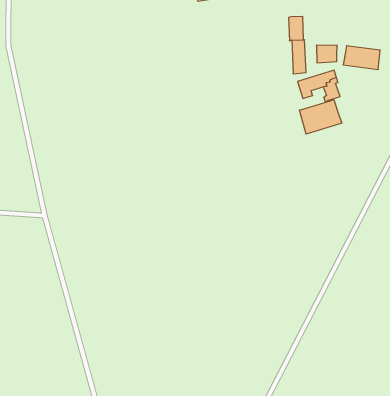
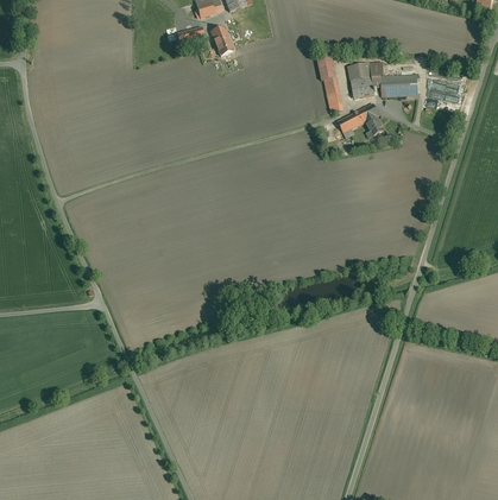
building: none -> [348,63,384,87]
building: [299,100,342,134] -> none

